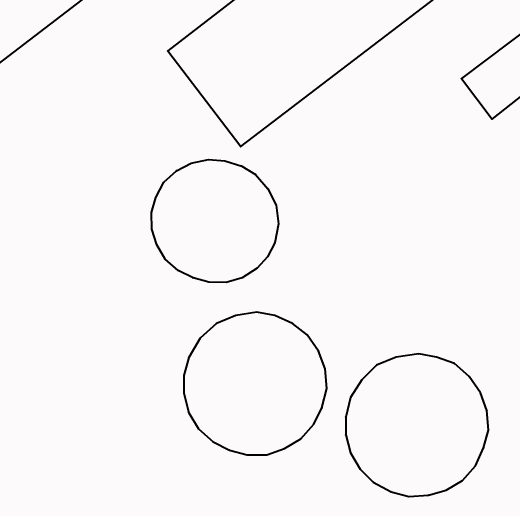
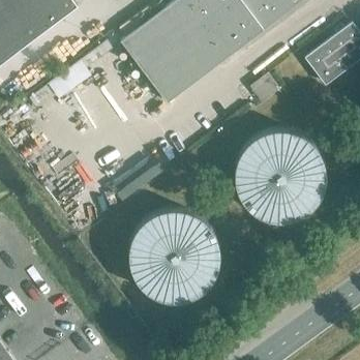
building: [152,160,279,282] -> none
building: [346,354,488,497] -> [236,131,327,222]

